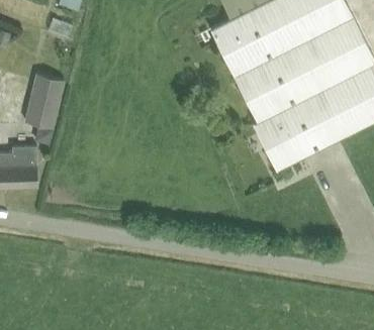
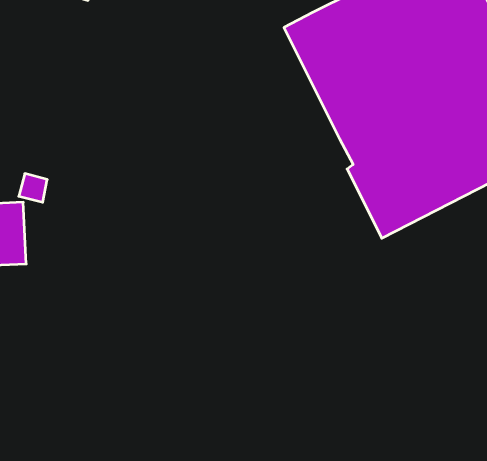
building: [26,74,65,128] -> none

